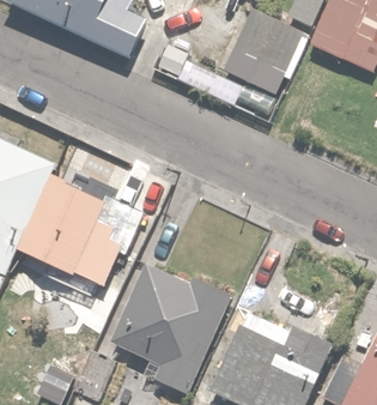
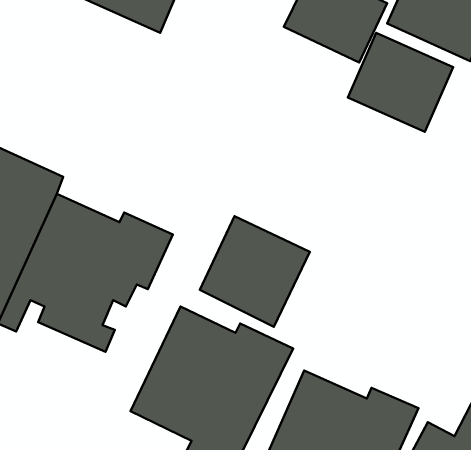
building: none -> [348,33,453,132]
building: none -> [200,216,310,327]

